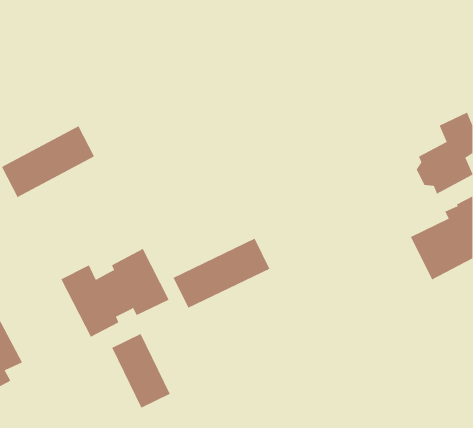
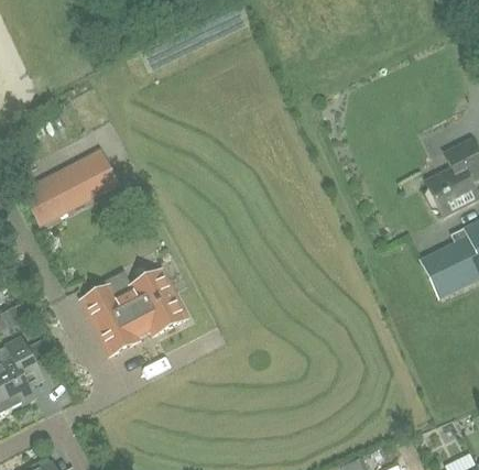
building: [173,238,270,309] -> none
building: [112,333,170,409] -> none

